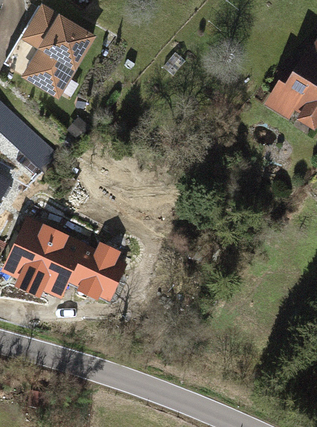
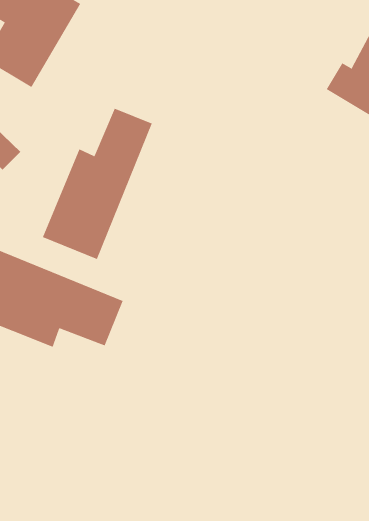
building: none -> [42,108,153,260]

